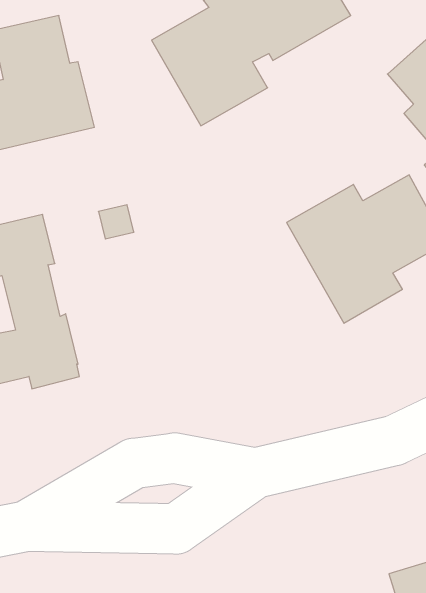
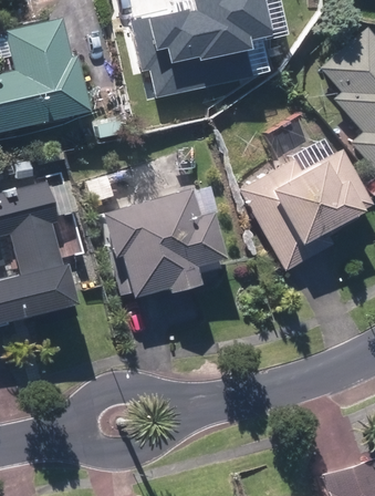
building: none -> [97,189,222,299]

